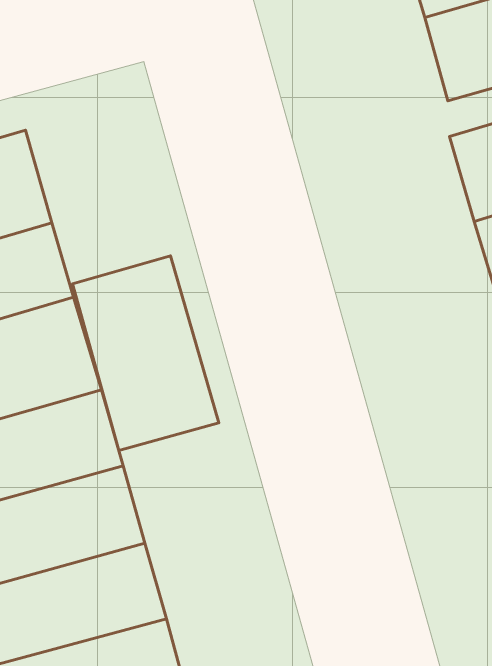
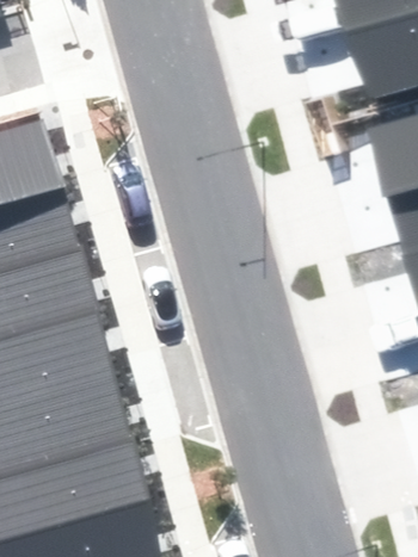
building: [73,256,219,450] -> none

